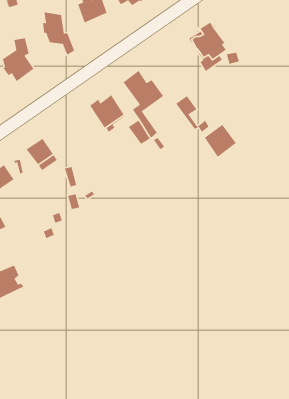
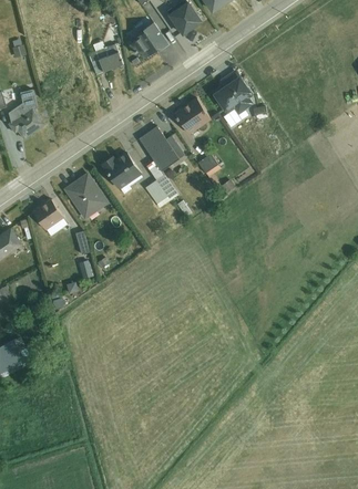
building: [42,12,75,56] -> none
building: none -> [174,97,211,134]
building: none -> [65,174,108,218]
building: [204,124,237,158] -> none

